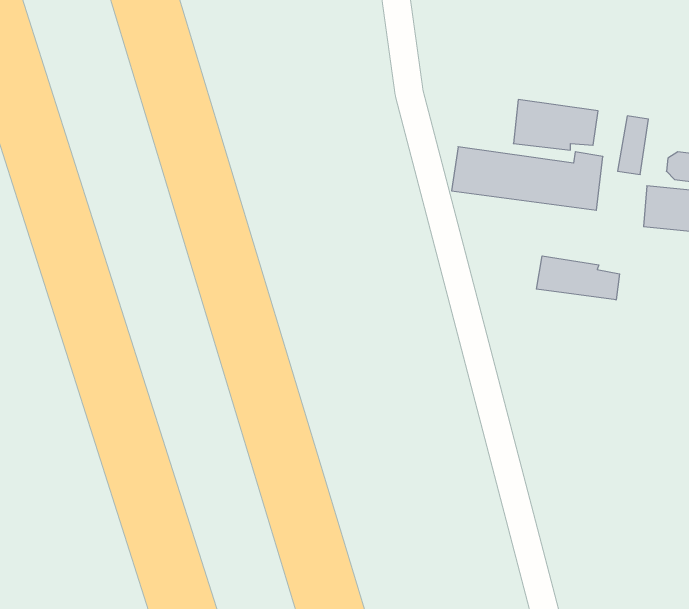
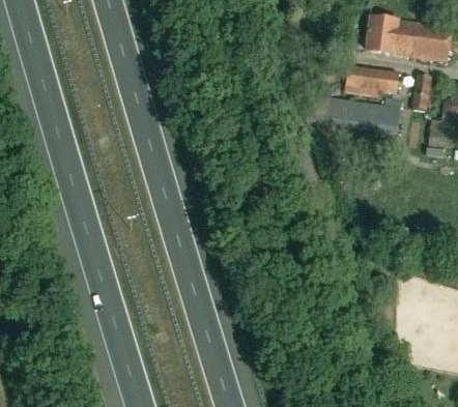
building: none -> [366,17,451,61]
building: [536,256,620,300] -> none

